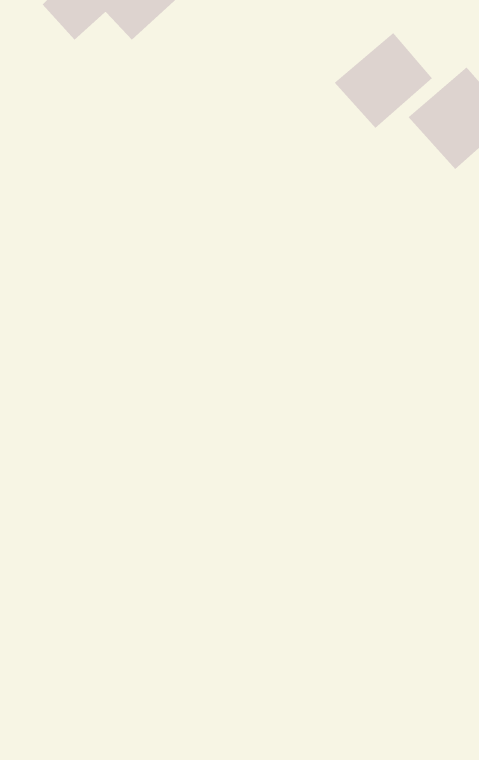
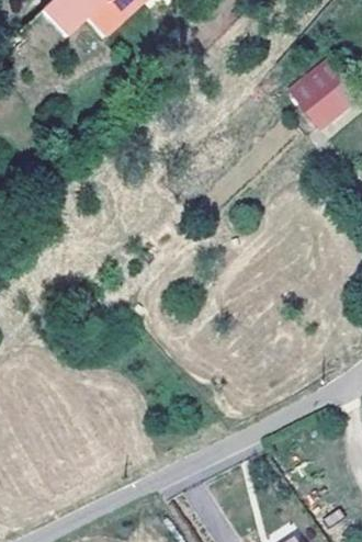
building: [334,32,433,129] -> none

